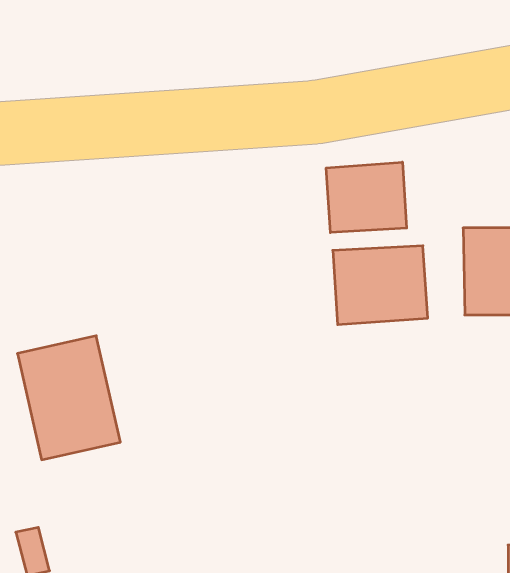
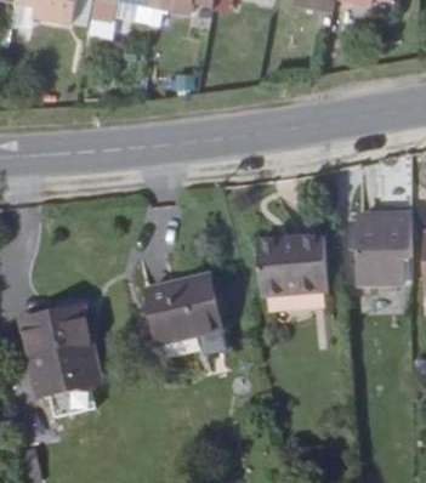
building: [326,162,407,233] -> none
building: none -> [144,278,218,343]

